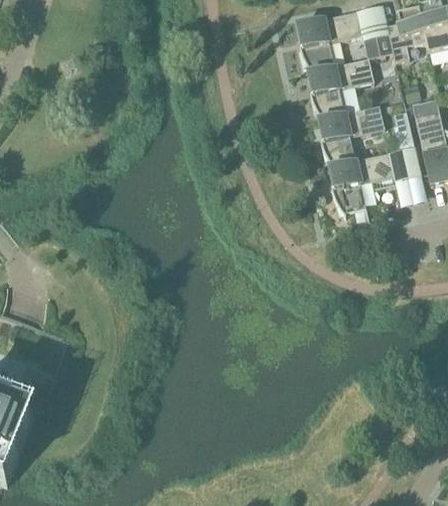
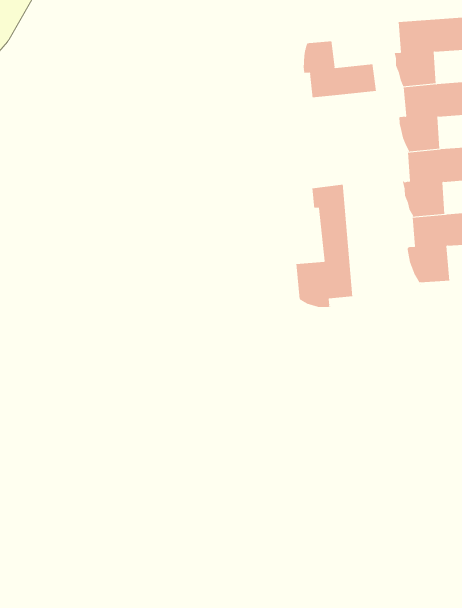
building: none -> [303,40,376,98]
building: none -> [296,184,353,308]

